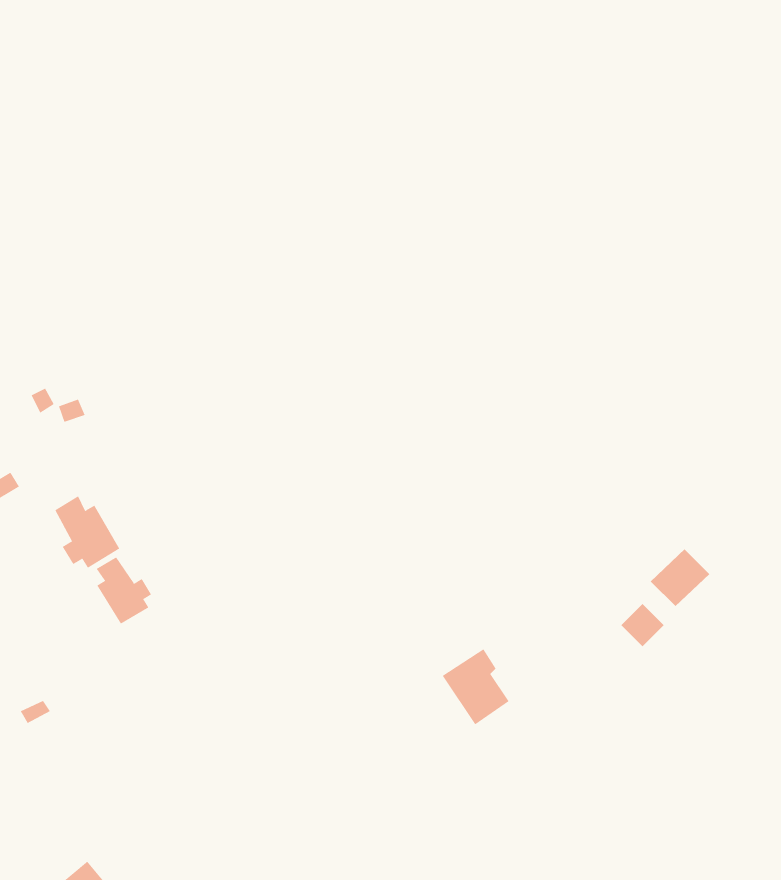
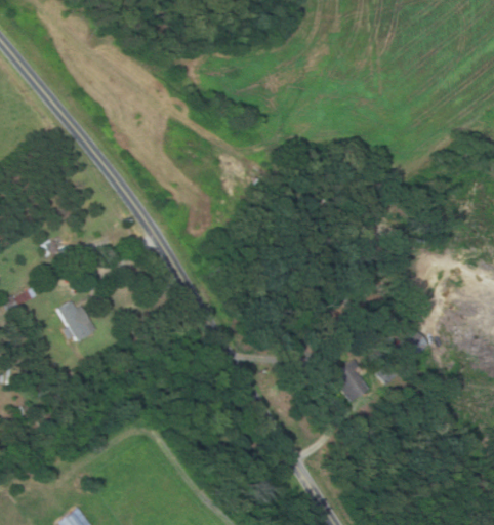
building: [96,556,152,624] -> none
building: [442,648,509,725] -> [330,360,368,403]

